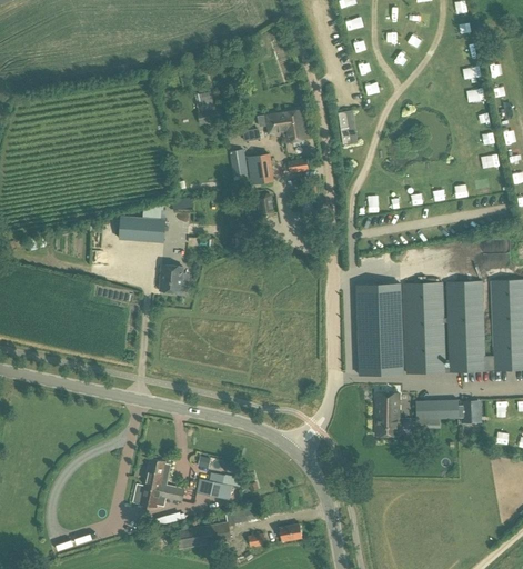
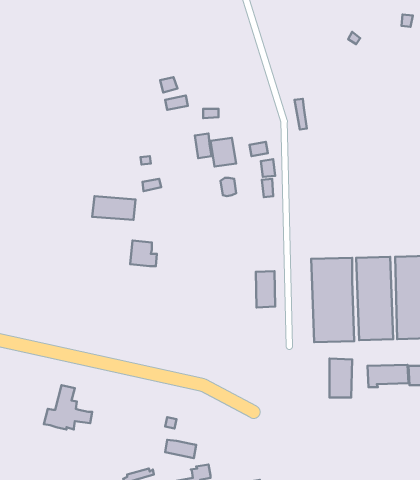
building: [258,109,309,146] -> none
building: none -> [256,271,275,307]
building: [132,459,184,507] -> [44,385,92,429]

